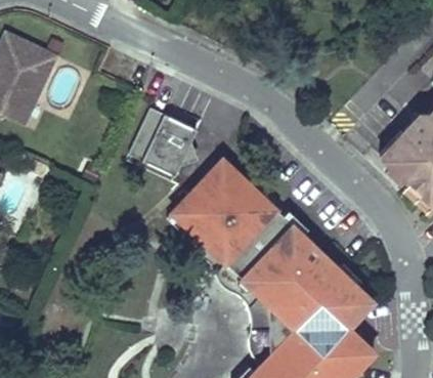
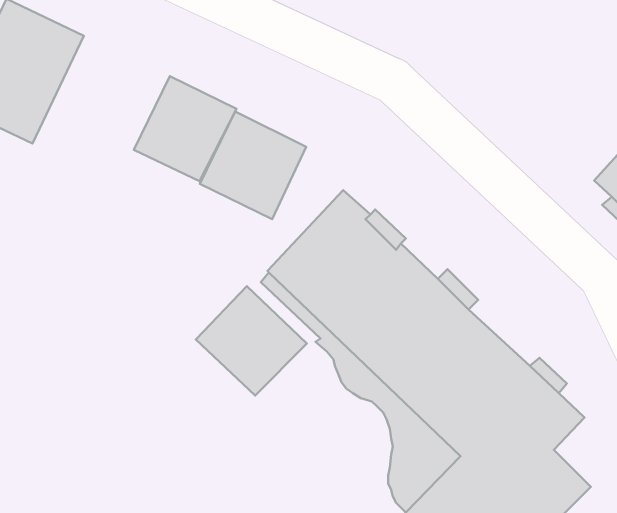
building: none -> [134,76,237,181]
building: none -> [196,286,307,395]

